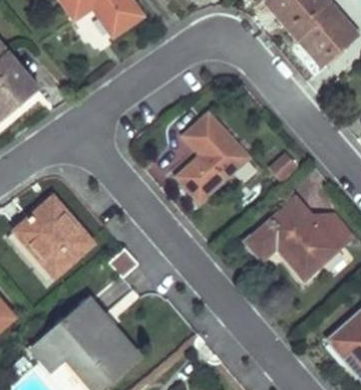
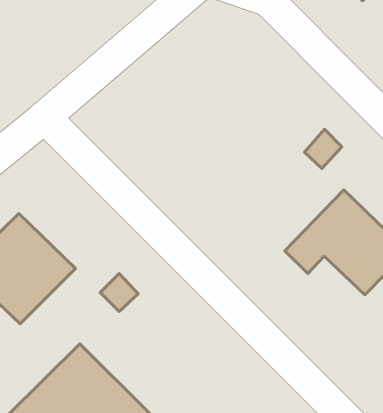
building: [177,114,248,202] -> none

